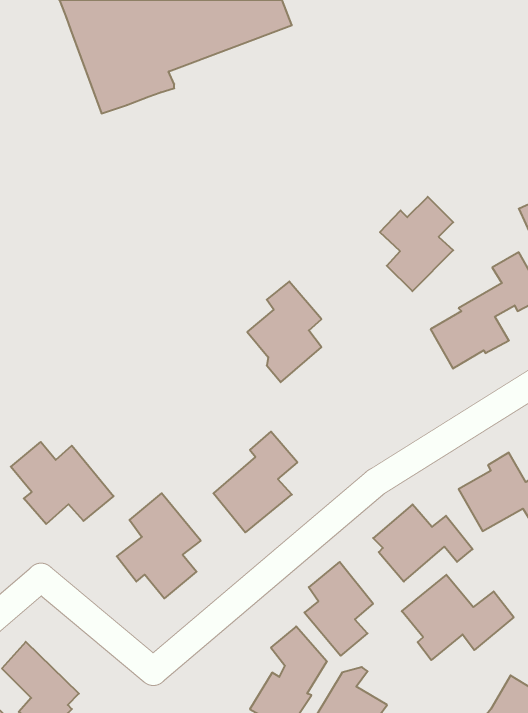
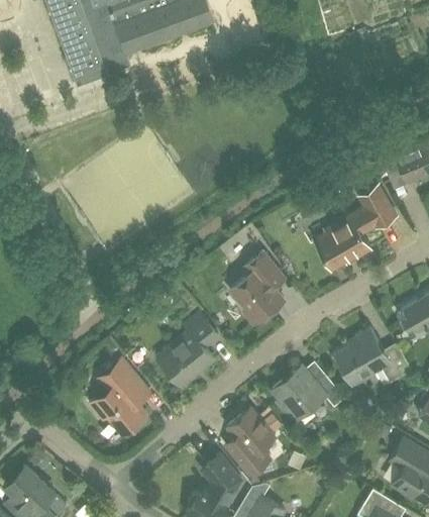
building: [380,197,453,291] -> none
building: [247,281,321,382] -> [231,252,285,325]
building: [11,442,114,524] -> none
building: [402,575,514,660] -> none

